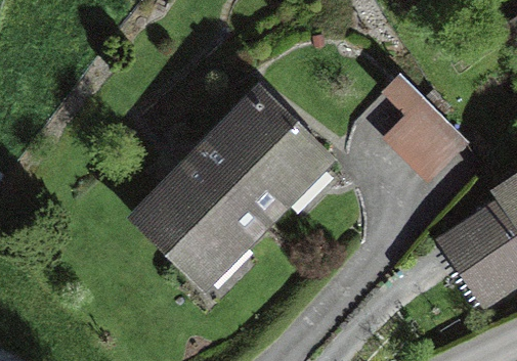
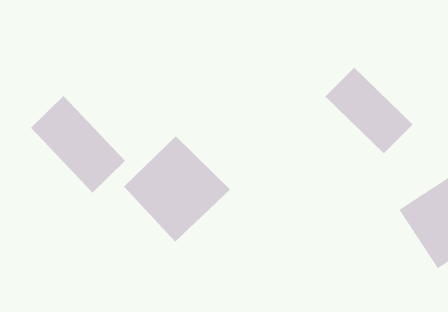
building: [199,101,313,216] -> none
building: none -> [30,95,126,193]

